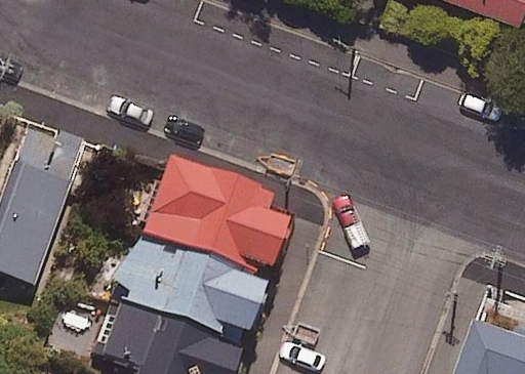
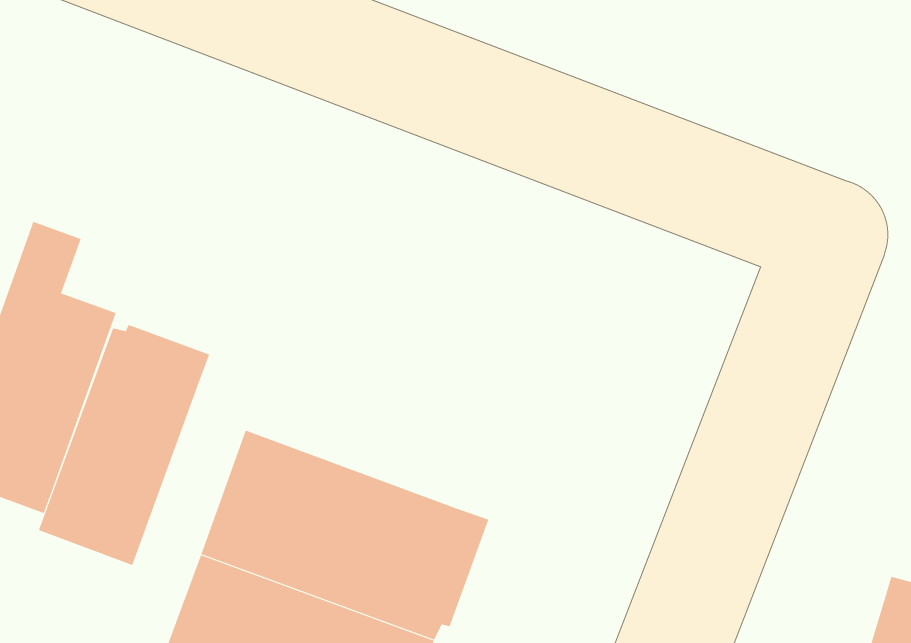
building: [137,167,283,284] -> none
building: none -> [38,324,210,566]

